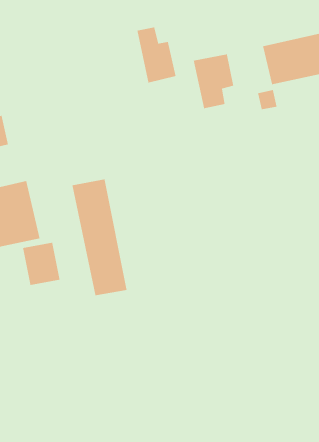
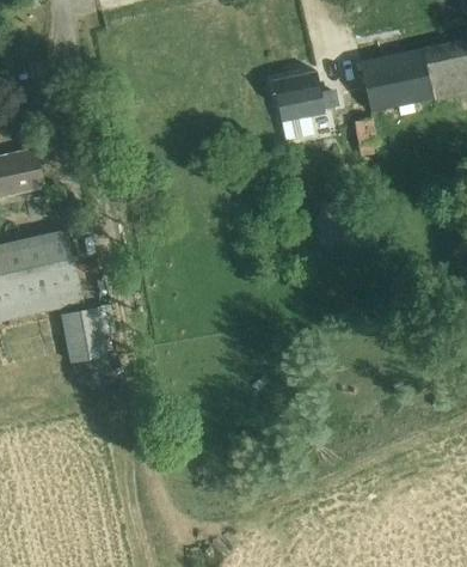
building: [136,26,176,84] -> none
building: [72,179,128,296] -> none

